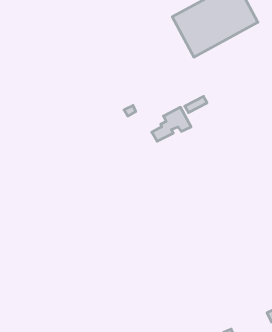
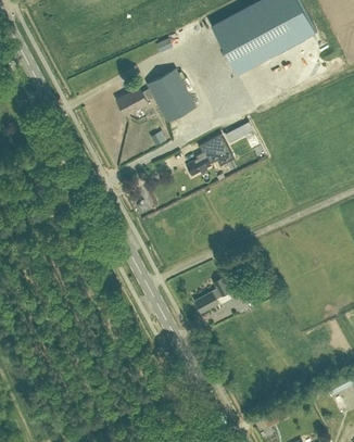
building: none -> [116,70,195,123]
building: none -> [195,278,231,313]

